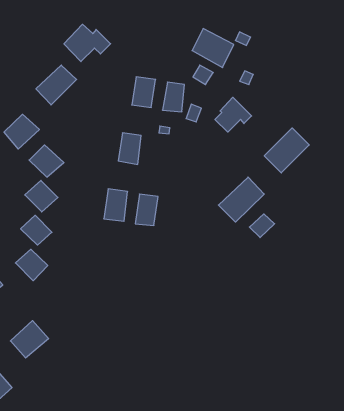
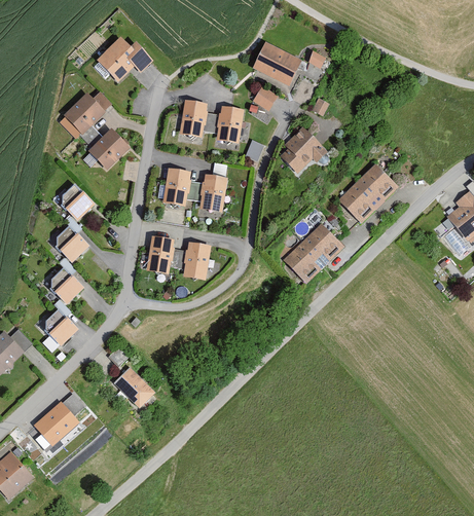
building: [4,114,39,149] -> [87,130,131,172]
building: none -> [199,175,227,213]
building: [249,214,275,238] -> none
building: none -> [112,367,154,410]

